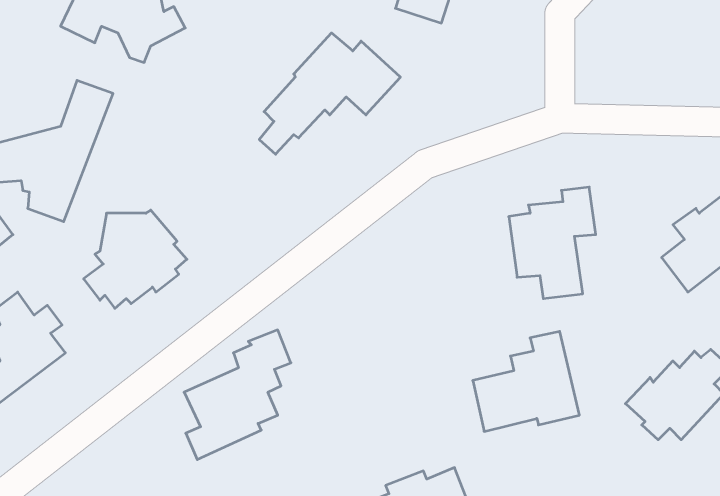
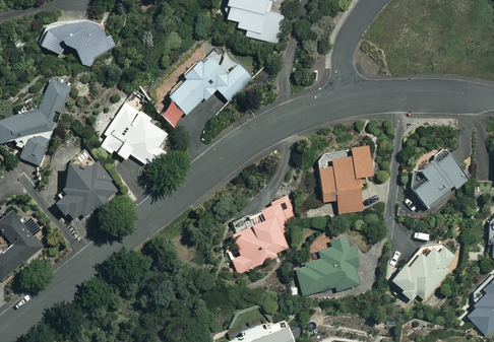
building: none -> [99,104,168,167]
building: [184,330,291,460] -> [231,195,297,275]

